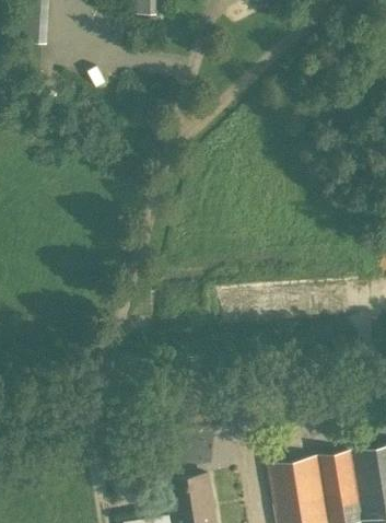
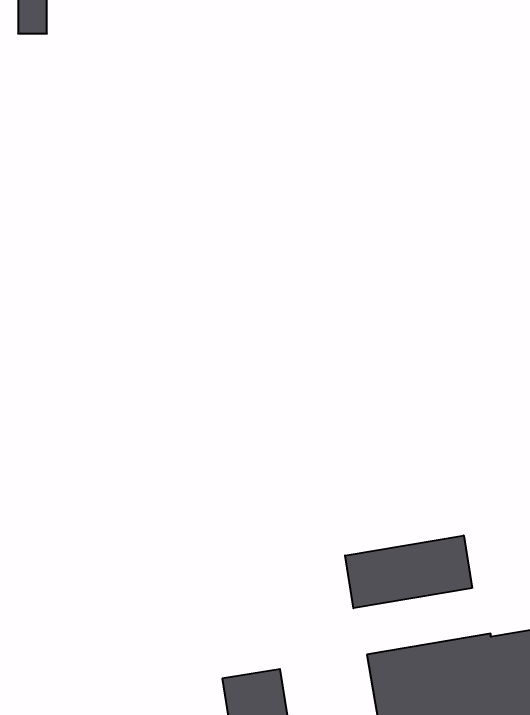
building: none -> [345,535,472,608]

